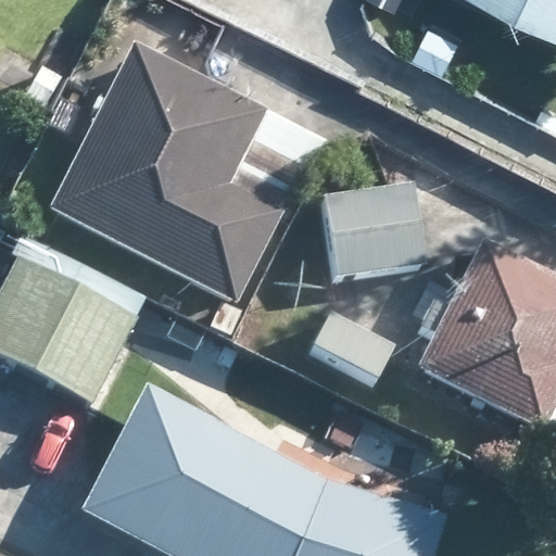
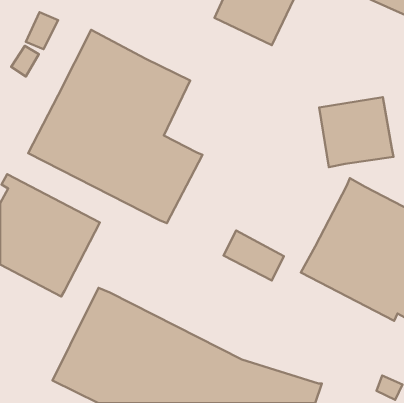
building: [326,182,426,277] -> [319,97,393,167]

